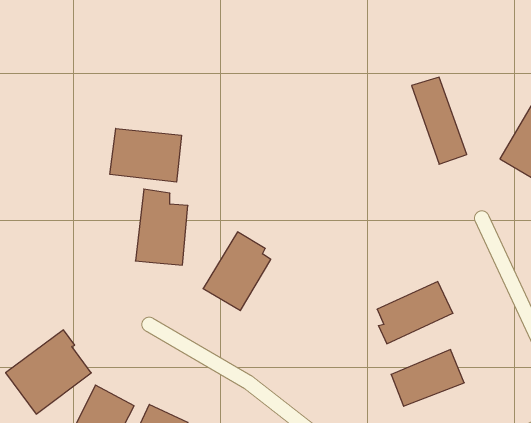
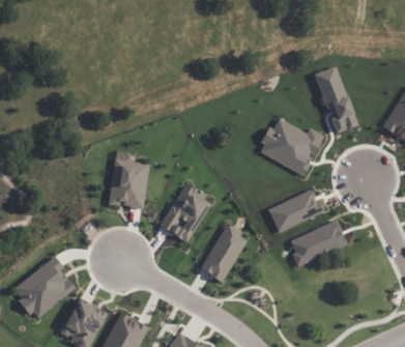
building: [110,128,181,182] -> none
building: none -> [257,119,323,175]
building: none -> [199,225,248,283]
building: [391,350,464,406] -> [267,190,322,232]

